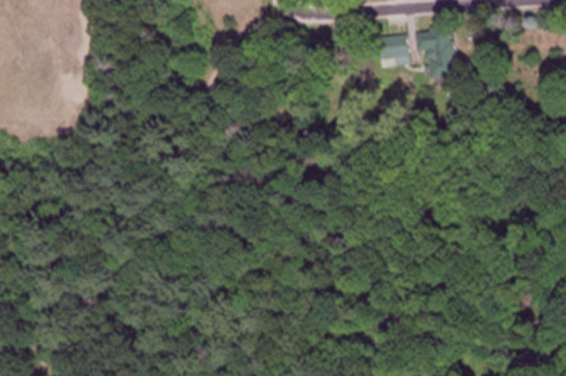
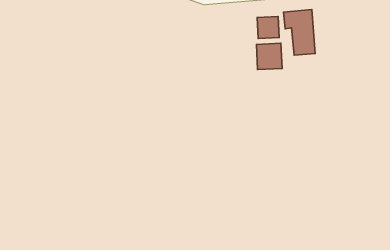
building: none -> [257,43,282,70]

